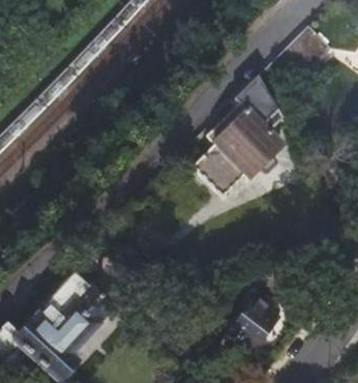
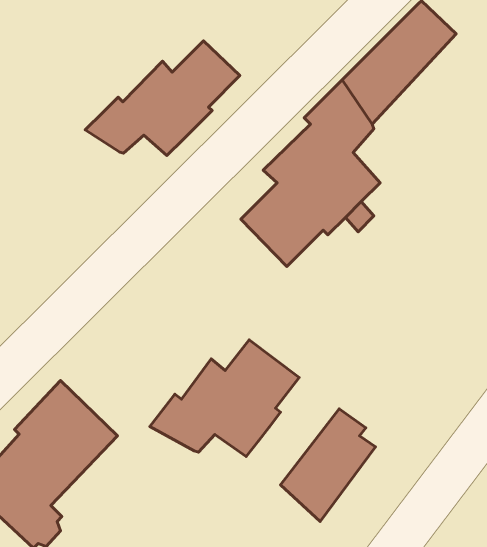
building: none -> [85,41,240,156]
building: none -> [150,340,299,457]

